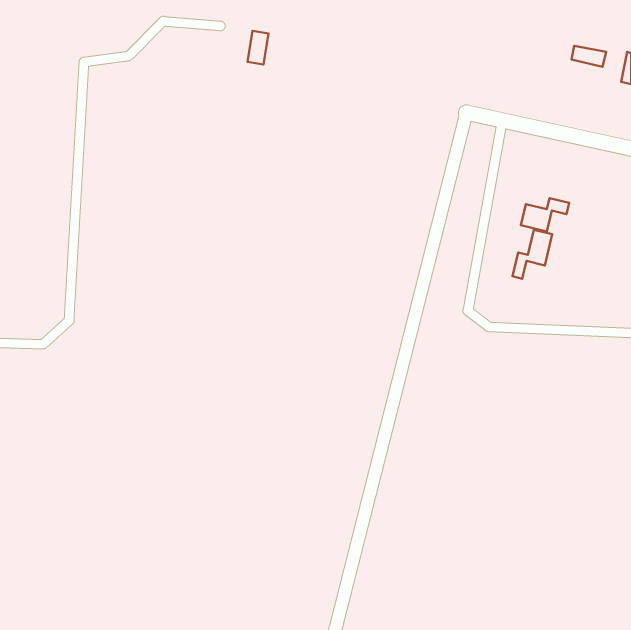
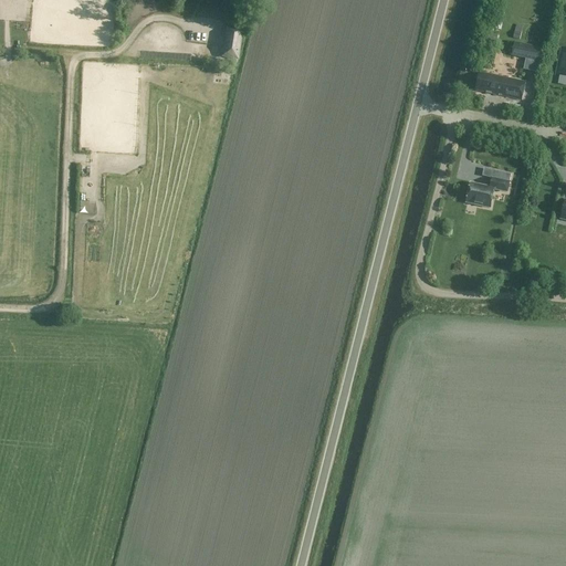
building: none -> [474,71,524,99]
building: [513,230,552,279] -> none

